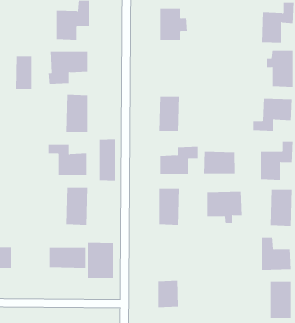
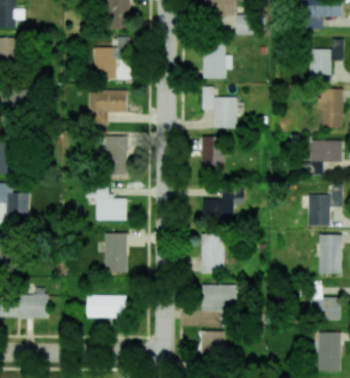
building: none -> [201,86,236,127]
building: [15,56,32,90] -> none
building: [99,139,116,181] -> none
building: [204,151,235,174] -> none
building: [206,191,243,224] -> [201,284,239,317]
building: [88,242,113,279] -> none

